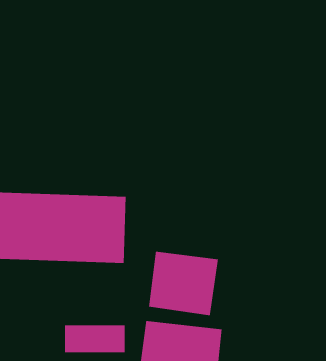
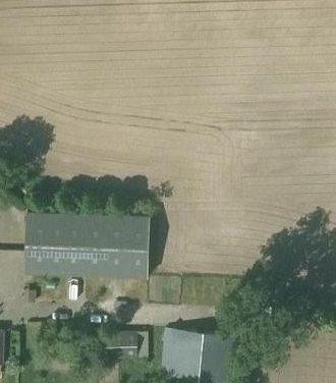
building: [148,251,218,316] -> none

